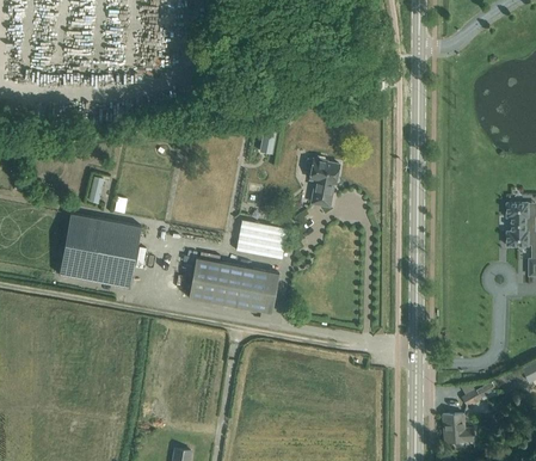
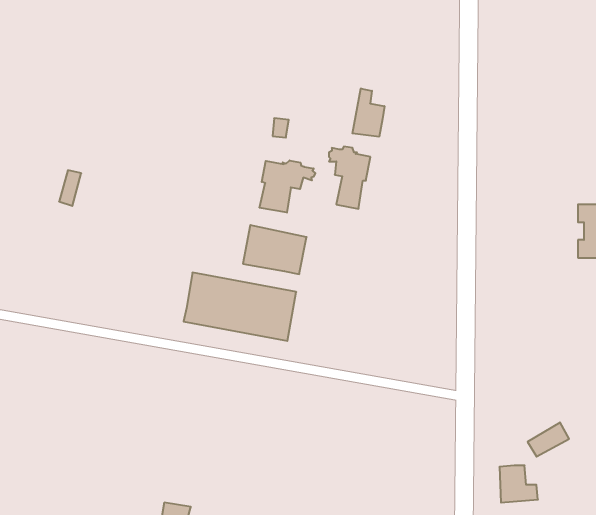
building: none -> [352,88,384,137]
building: none -> [260,160,315,213]
building: [60,213,142,288] -> none

